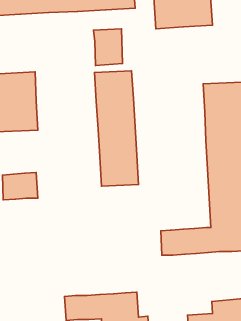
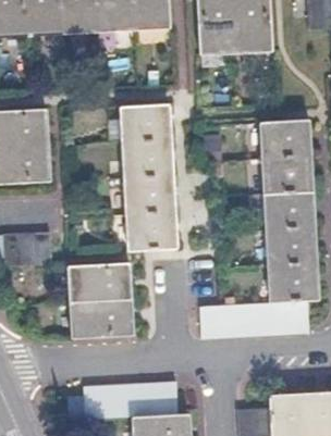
building: [94,29,123,65] -> none
building: none -> [71,262,134,338]

